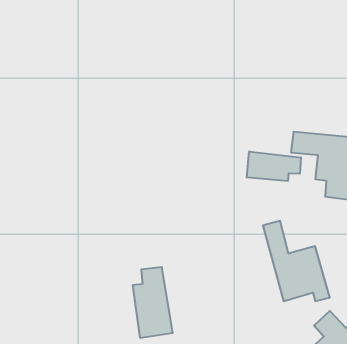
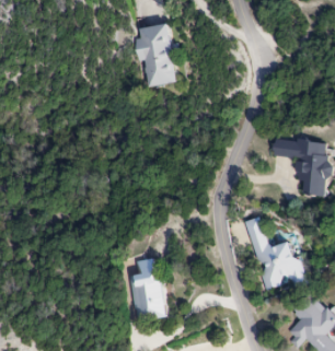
building: none -> [135,24,175,85]
building: [247,151,301,181] -> none

